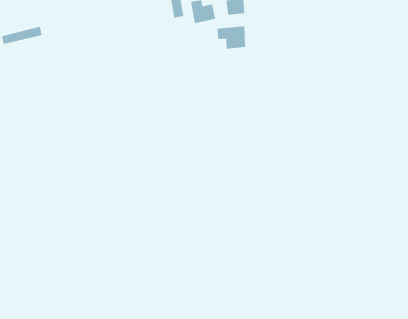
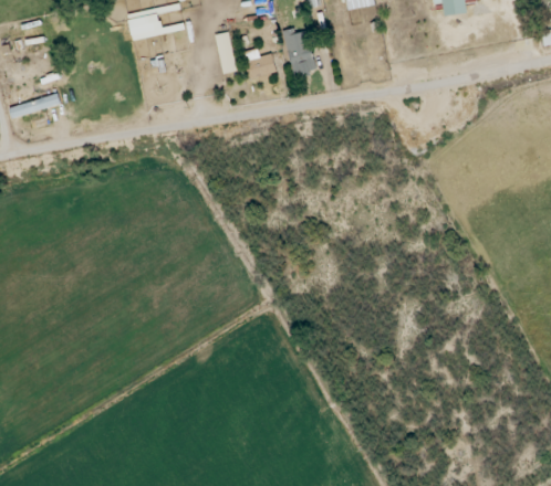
building: [217,26,245,49] -> none

